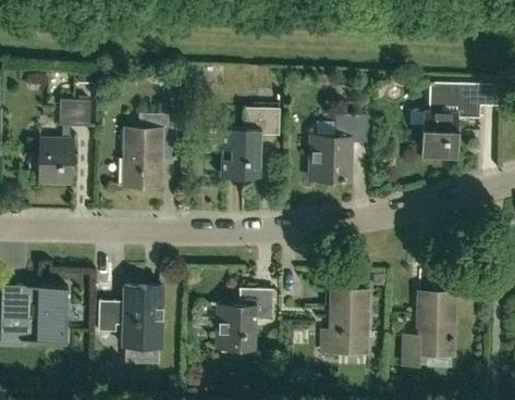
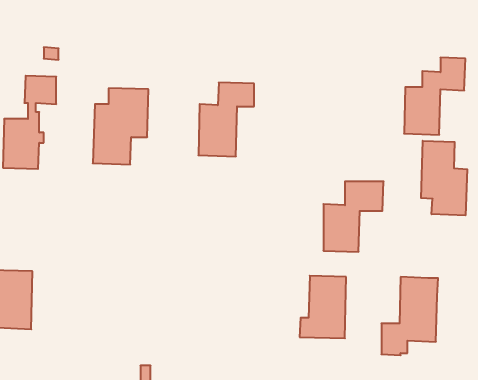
building: [314,113,371,180] -> [323,181,384,252]
building: none -> [421,141,467,215]
building: [98,286,162,349] -> none
building: [221,288,273,349] -> none

